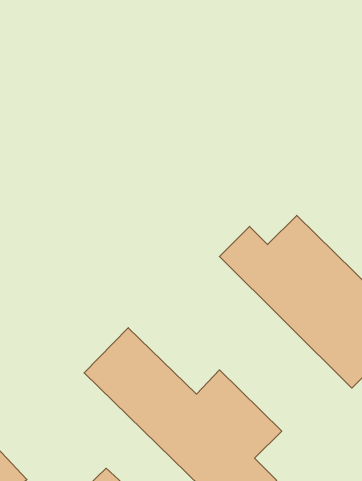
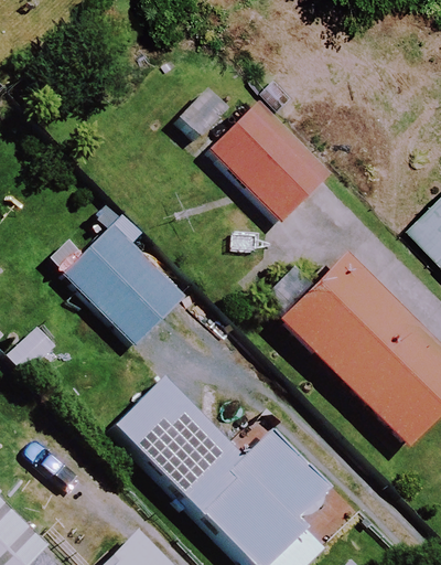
building: none -> [207,98,332,223]
building: none -> [66,224,186,345]

